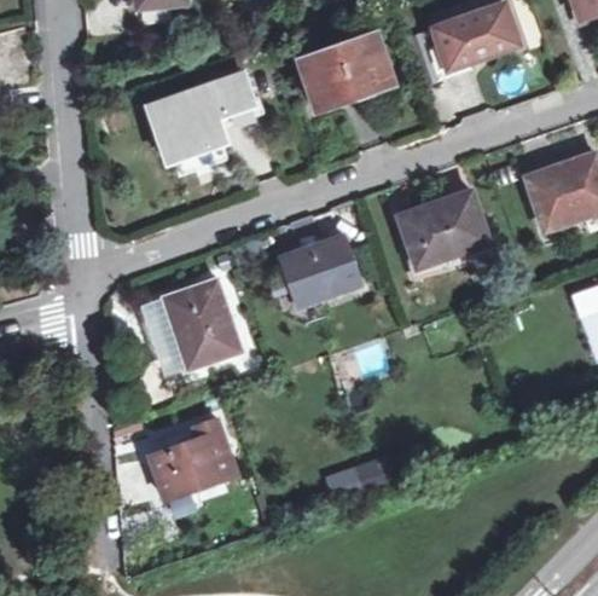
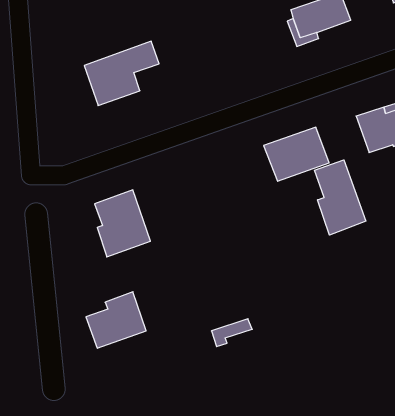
building: [301,33,393,109] -> none
building: [281,233,361,307] -> none
building: none -> [314,160,366,235]

